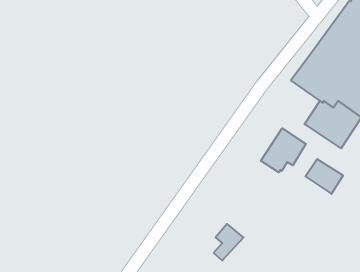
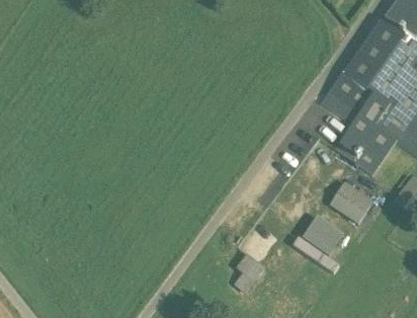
building: [261,128,306,172] -> none
building: none -> [307,220,343,254]

